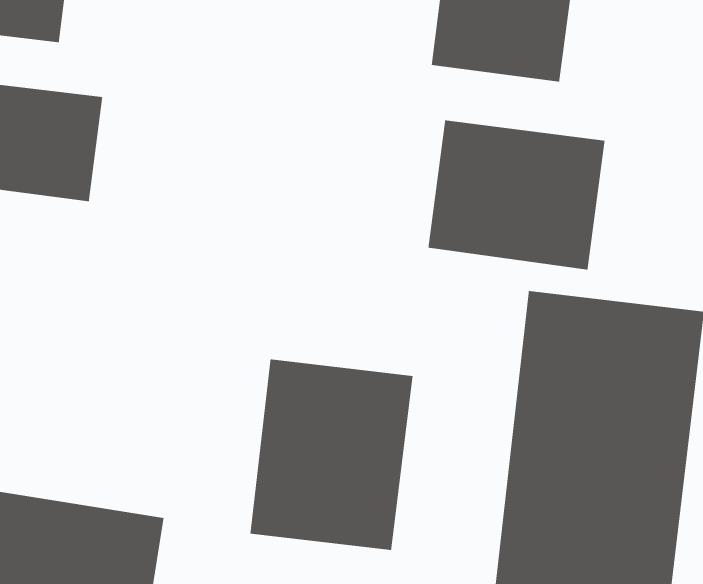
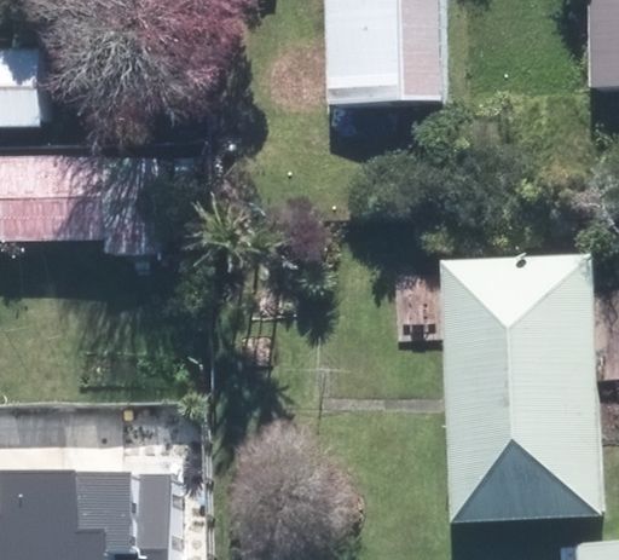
building: [428,119,605,271] -> none
building: [250,358,414,551] -> none

